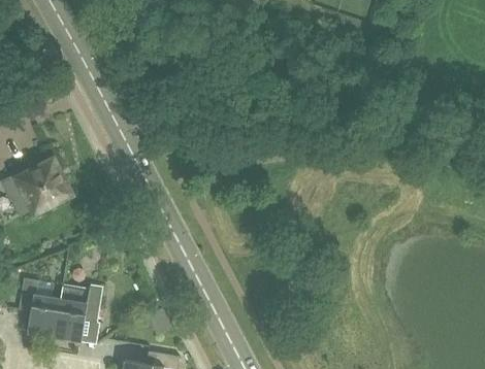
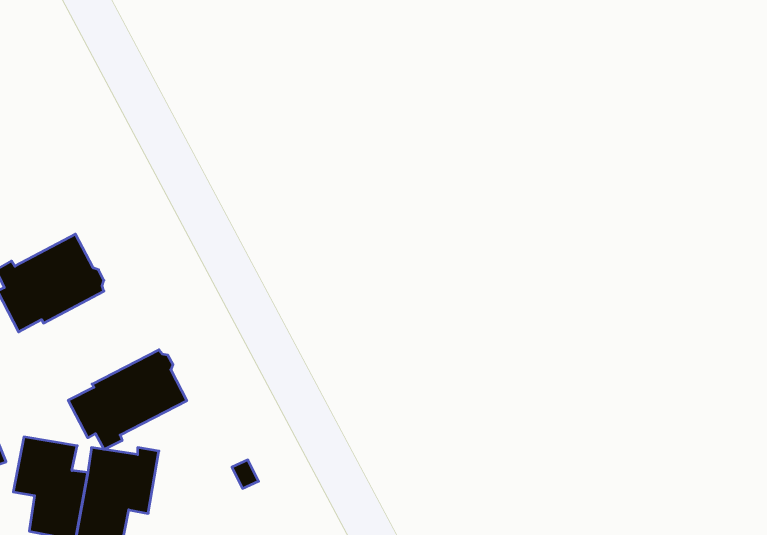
building: none -> [68,350,187,449]

